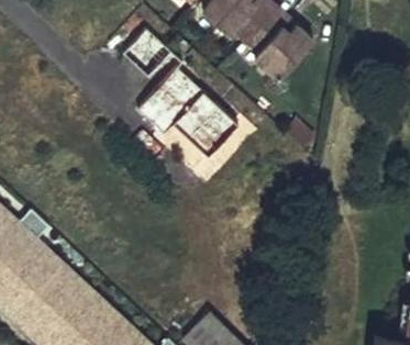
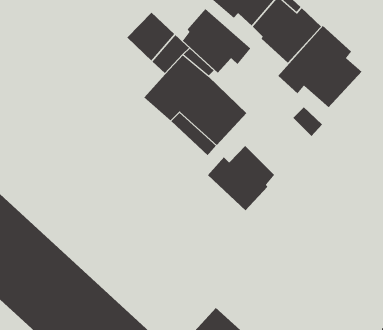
building: none -> [182,8,251,73]
building: none -> [277,25,363,108]
building: none -> [207,145,275,211]

